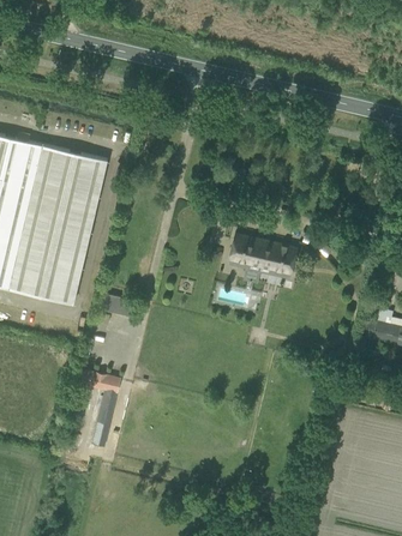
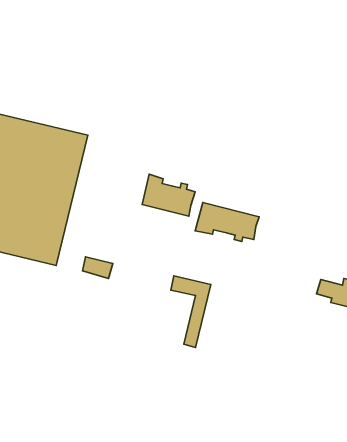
building: none -> [142,174,195,216]
building: [77,369,121,448] -> [171,276,211,348]

